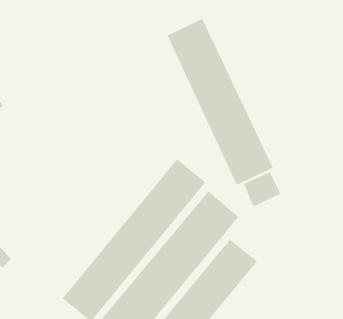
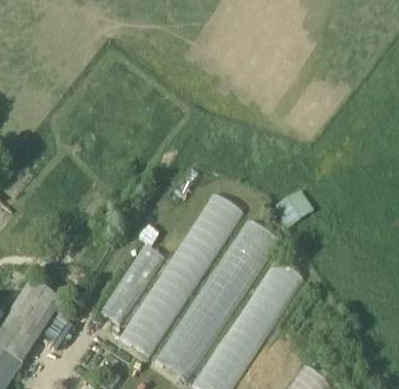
building: [167,18,273,185] -> none
building: none -> [101,244,164,325]

